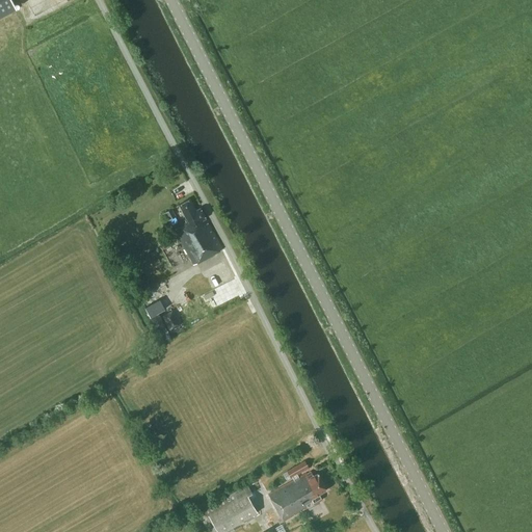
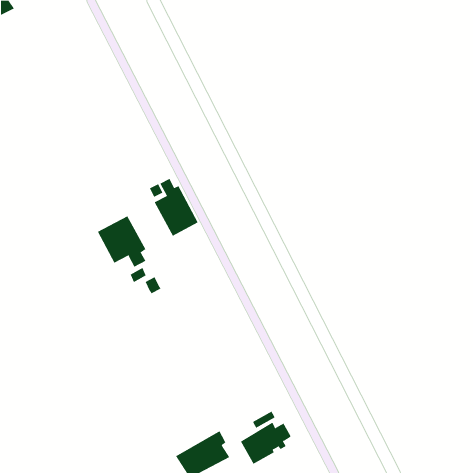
building: none -> [97,215,146,267]

